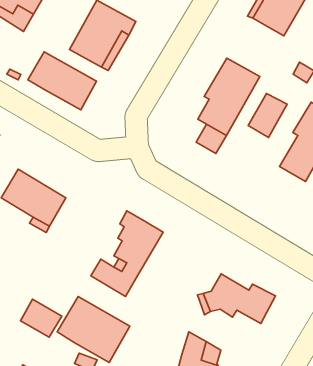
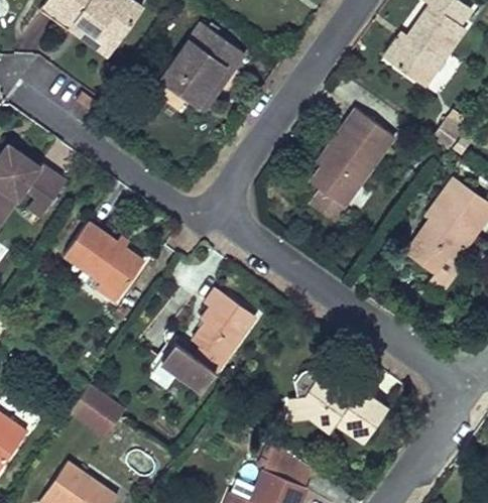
building: [28,52,97,110] -> none
building: [248,93,287,138] -> none
building: [57,296,130,363] -> none

